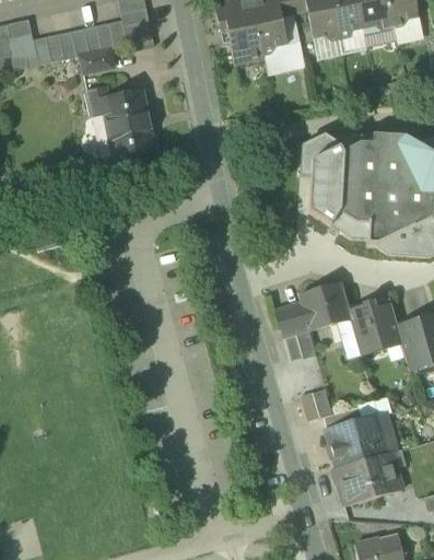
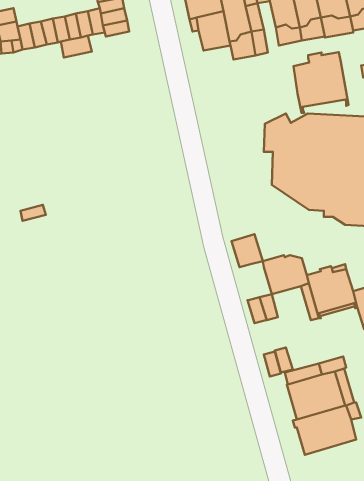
building: none -> [293,52,348,113]
building: [86,84,154,155] -> none
building: [275,300,309,336] -> [232,234,263,267]

